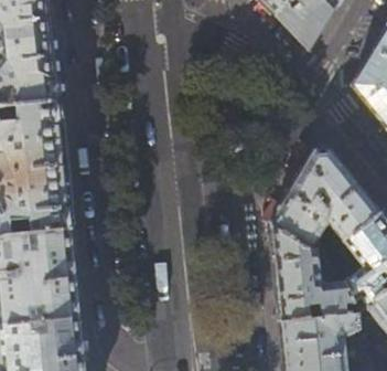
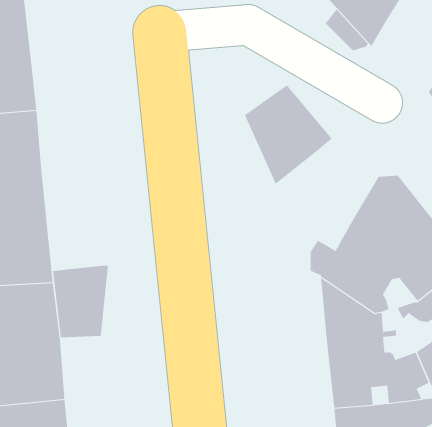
building: none -> [244,84,333,185]
building: none -> [52,265,109,338]

